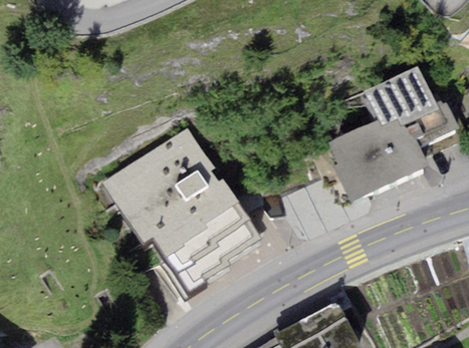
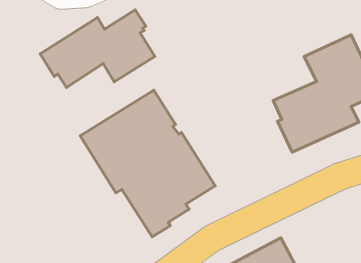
building: none -> [40,10,155,88]

